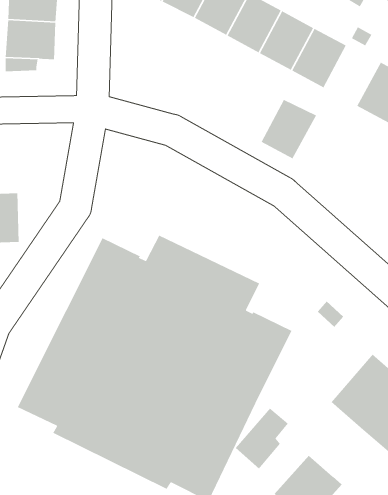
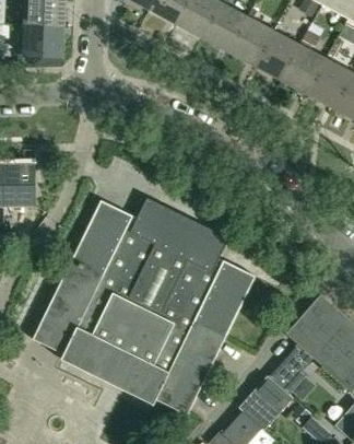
building: [261,99,317,160] -> [280,45,326,94]
building: [235,407,289,470] -> [268,343,311,394]

